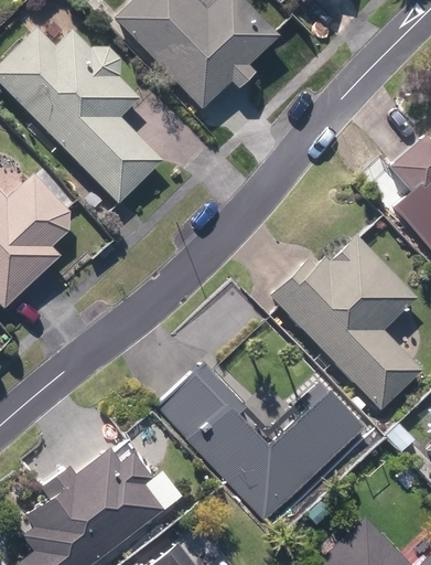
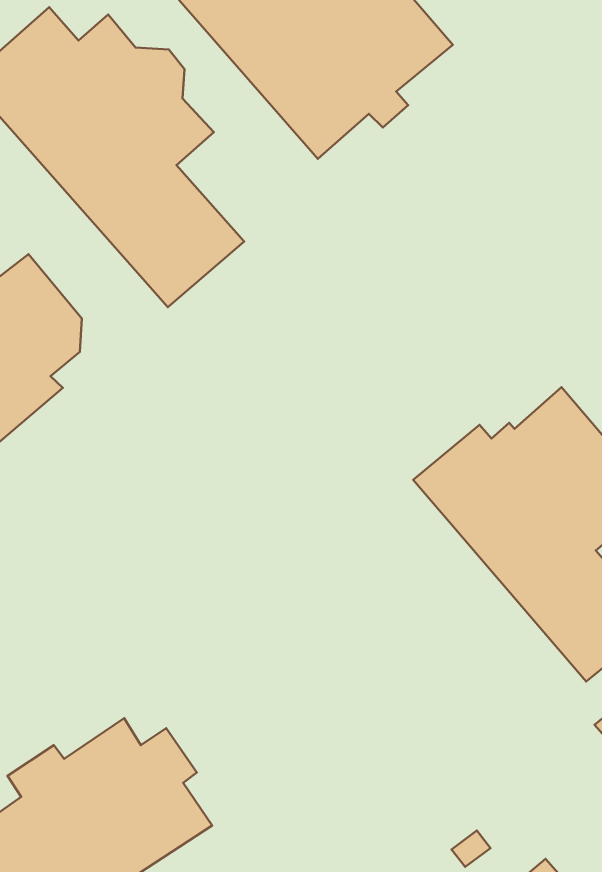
building: [161,367,362,521] -> none

